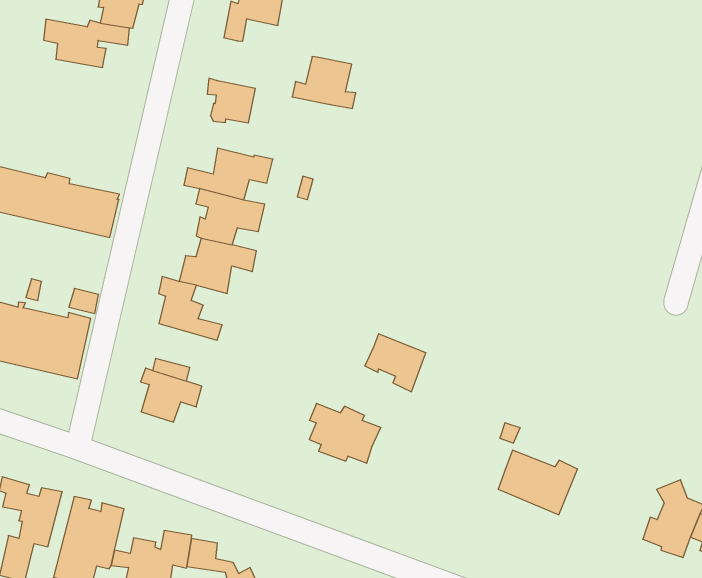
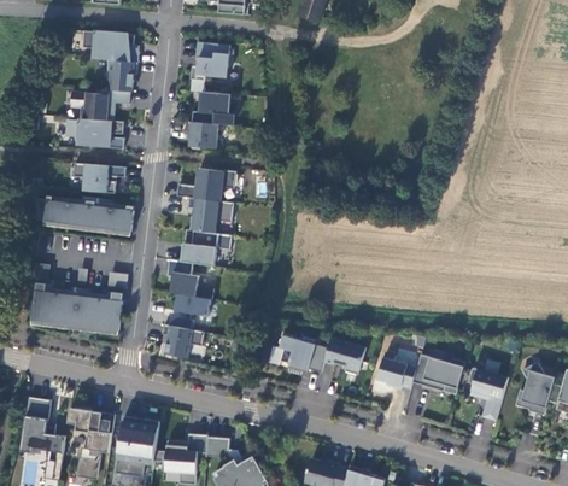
building: [292,57,356,108] -> [192,93,235,125]
building: none -> [64,118,123,148]
building: none -> [72,163,124,193]
building: none -> [174,293,210,316]
building: [365,334,426,392] -> [323,338,364,375]
building: none -> [376,352,416,388]
building: none -> [468,359,506,420]

